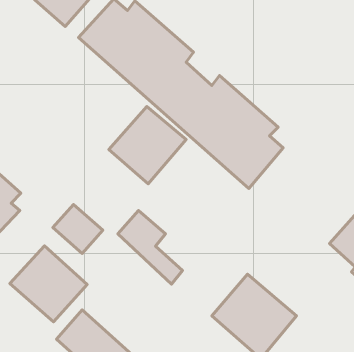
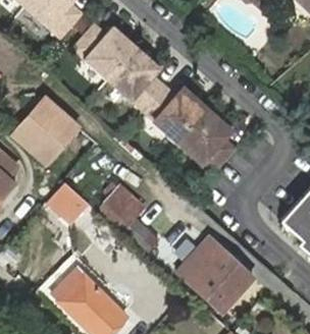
building: [109,106,186,184] -> [14,100,79,164]
building: [10,246,87,322] -> none

